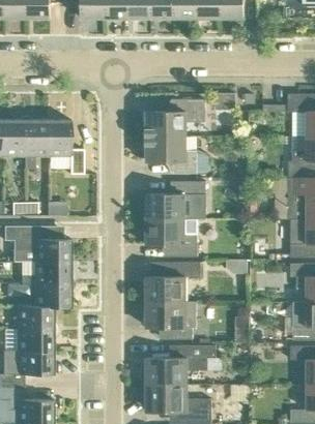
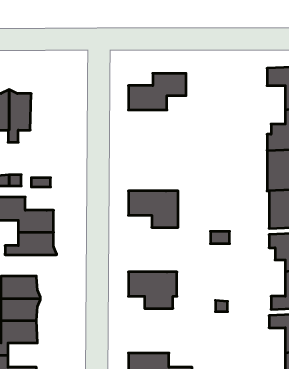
building: [47,119,83,174] -> none
building: [147,135,209,173] -> none
building: [147,180,206,218] -> none
building: [147,261,201,301] -> none
building: [34,283,74,306] -> none
building: [147,344,217,384] -> none

